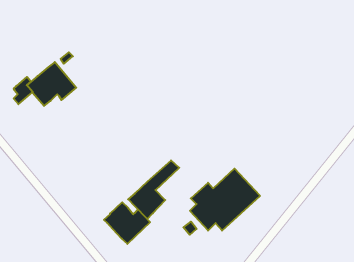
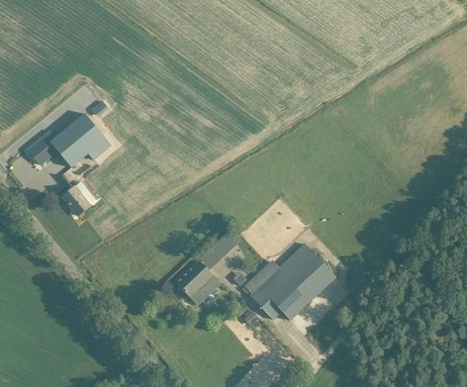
building: none -> [62,181,89,215]
building: [104,202,150,244] -> none

